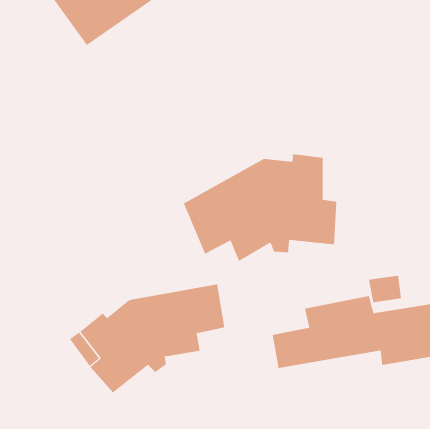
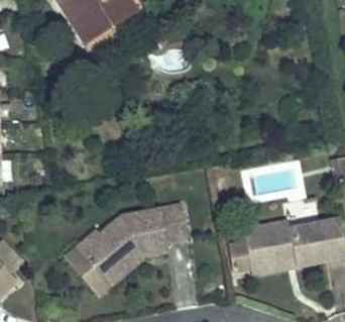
building: [183,154,337,262] -> none

